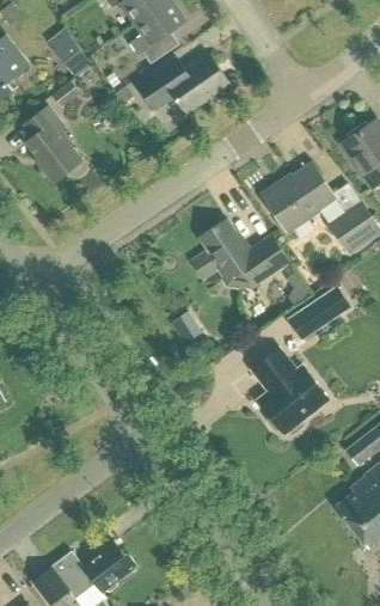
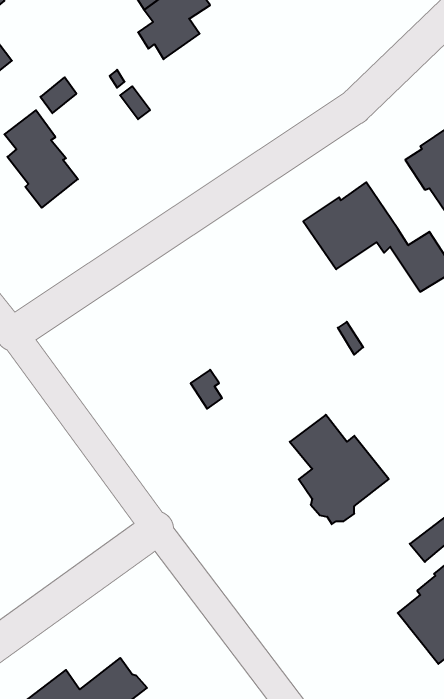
building: [45,27,87,73] -> none
building: [136,54,229,114] -> none
building: [191,220,289,289] -> none
building: [288,288,349,339] -> none

